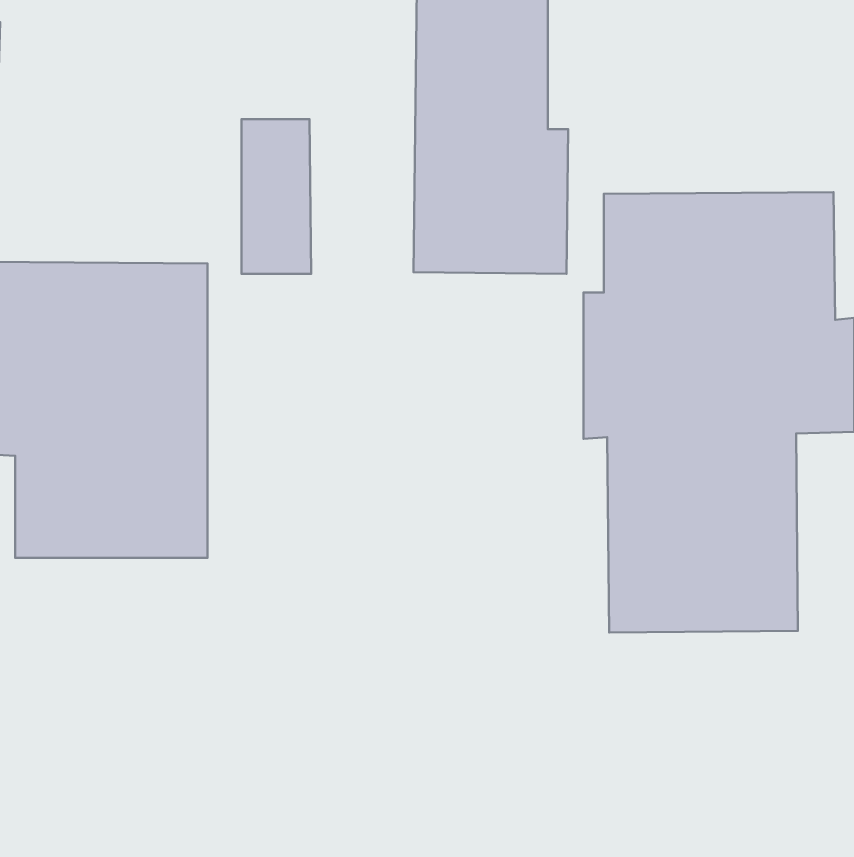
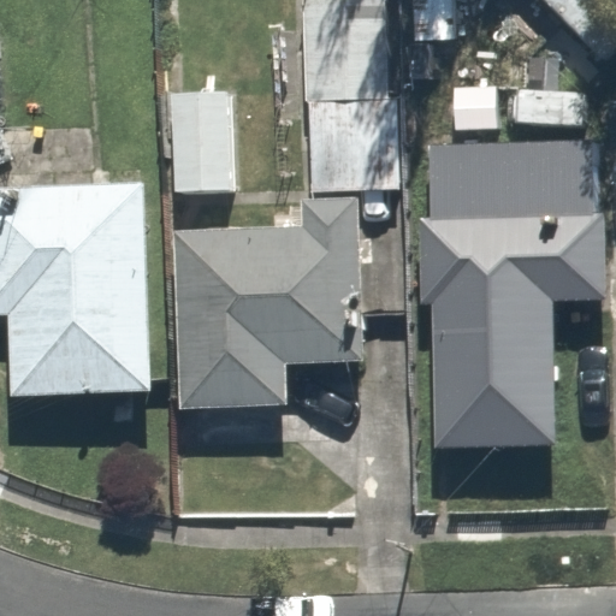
building: none -> [182,213,357,397]

